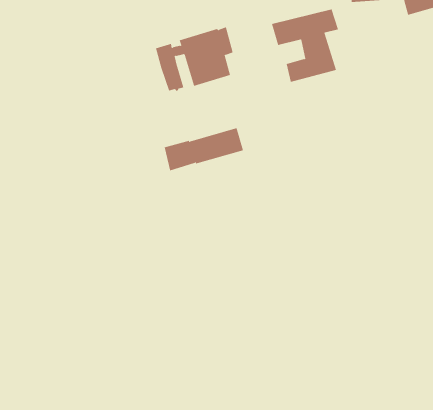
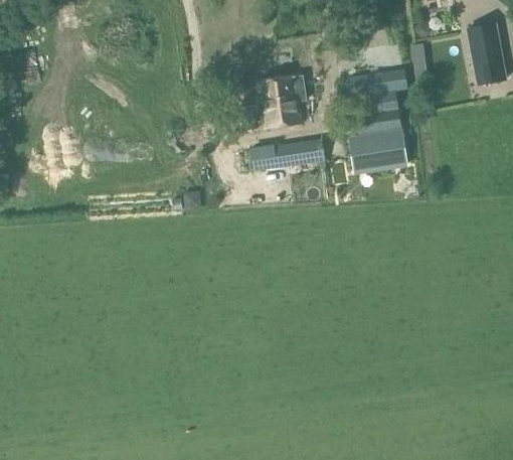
building: none -> [351,133,408,171]
building: [164,128,244,171] -> [250,139,326,173]

